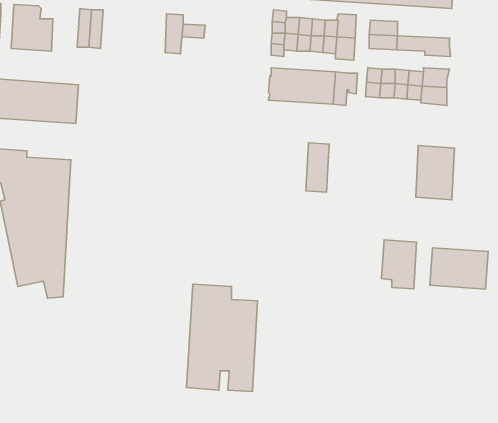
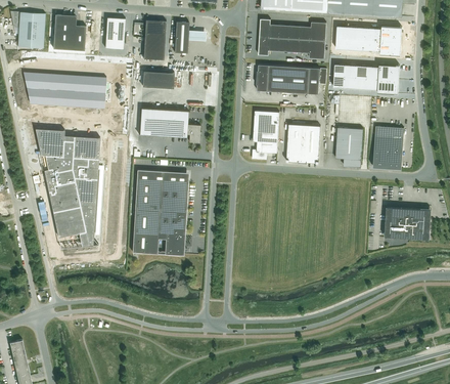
building: none -> [143,19,166,59]
building: none -> [359,26,402,41]
building: none -> [142,71,174,88]
building: none -> [140,108,200,142]
building: none -> [253,111,279,160]
building: none -> [303,125,320,164]
building: [382,240,416,289] -> [335,127,363,166]
building: [186,284,258,391] -> [132,170,188,255]

